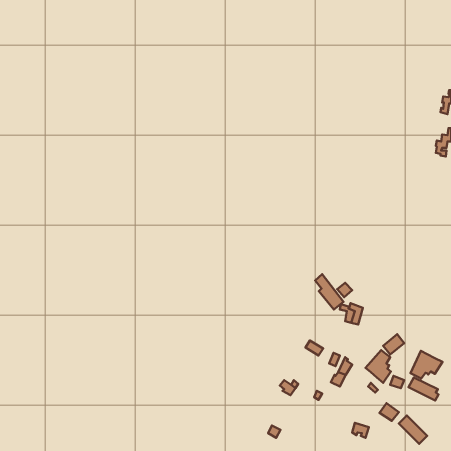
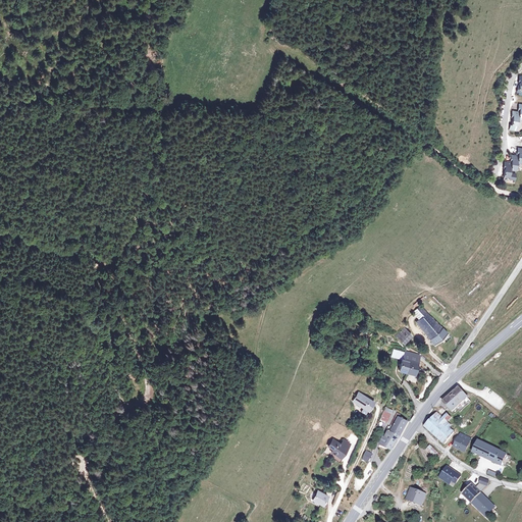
building: [315,274,343,310] -> [413,304,446,345]
building: [411,351,443,379] -> none

